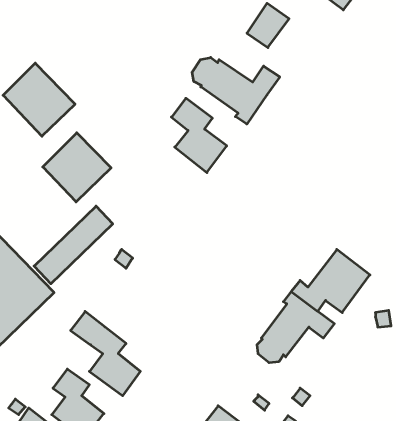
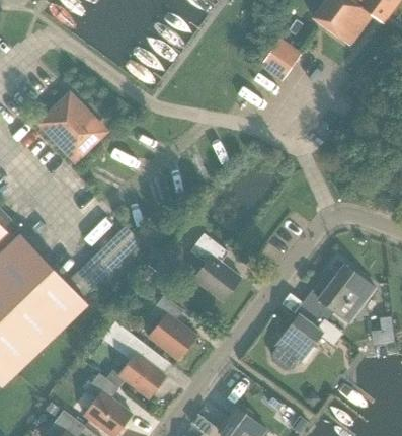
building: [192,57,280,124] -> none
building: [171,98,227,173] -> [190,233,241,301]
building: [43,133,111,202] -> none
building: none -> [148,295,196,359]

